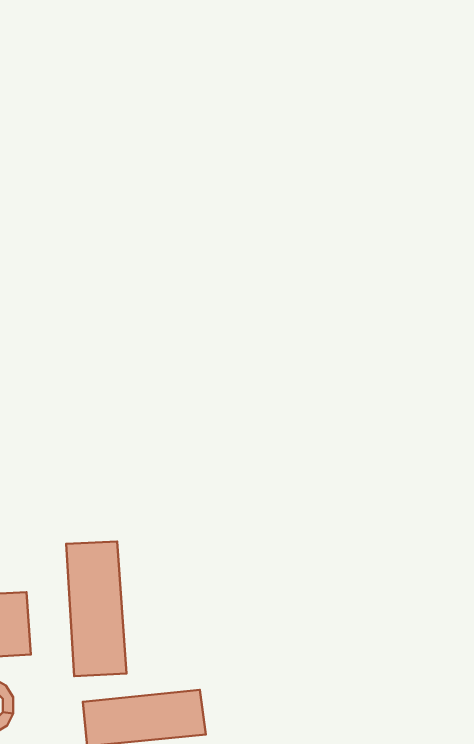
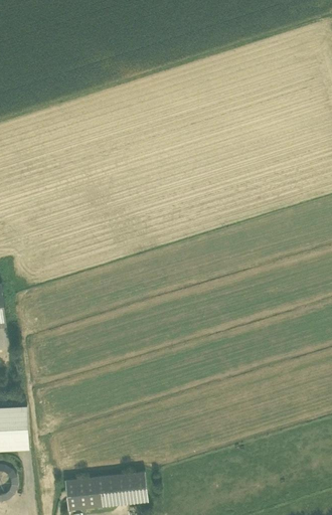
building: [66,541,126,676] -> none

